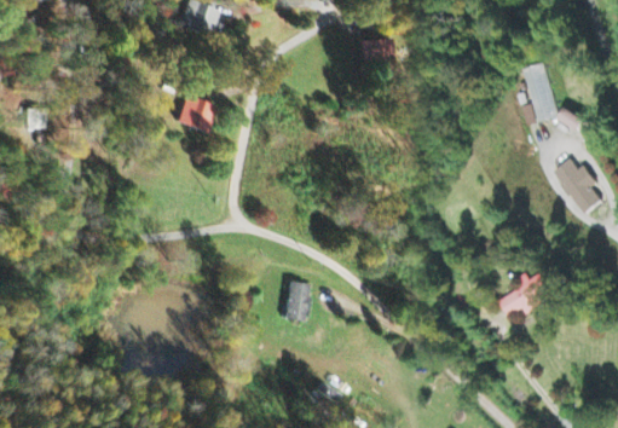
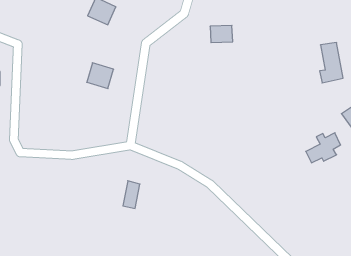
building: [502,272,554,317] -> [306,133,341,163]
building: [283,279,308,320] -> [123,181,140,208]

